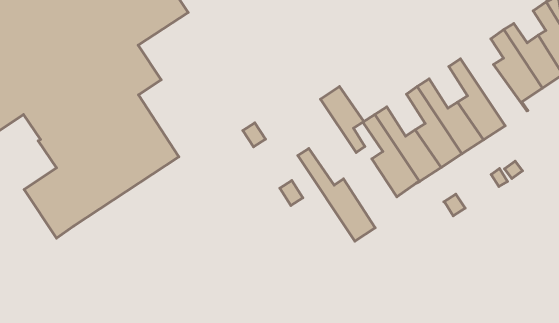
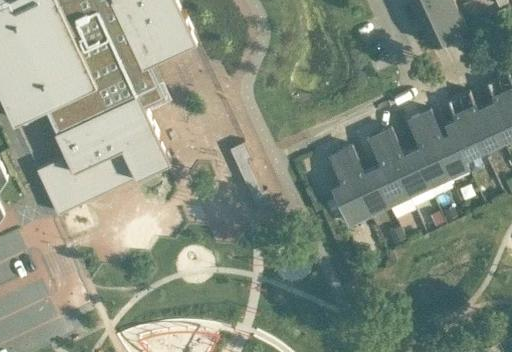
building: none -> [420,111,469,178]
building: [320,87,365,153] -> none
building: [298,149,375,241] -> none

